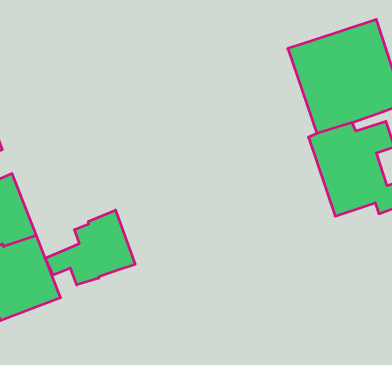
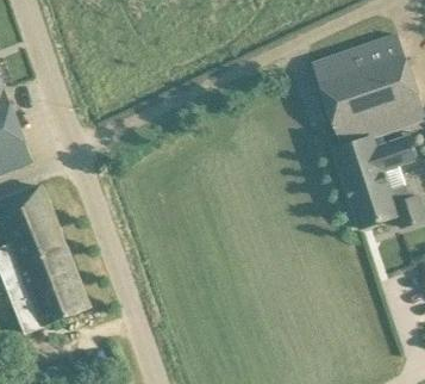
building: [45,210,135,285] -> none

